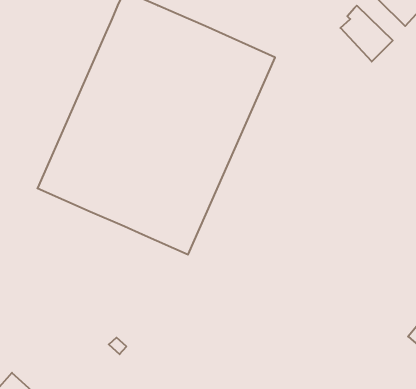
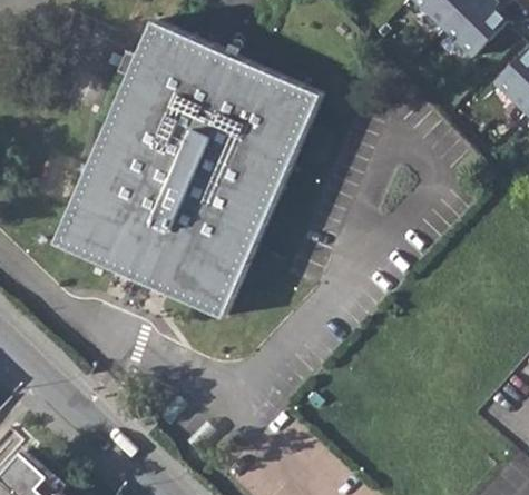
building: [340,6,393,62] -> none

